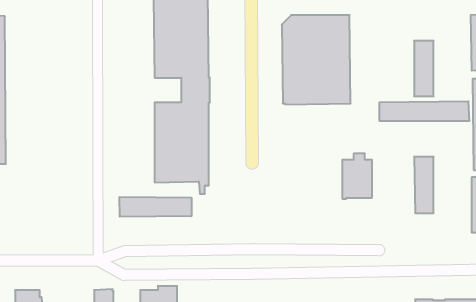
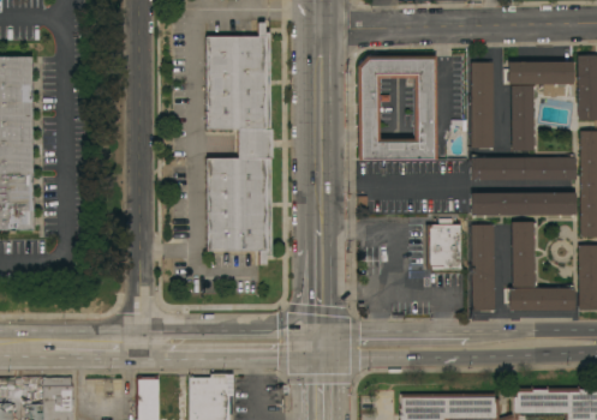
building: none -> [471,62,494,148]
building: none -> [503,62,573,98]
building: none -> [470,193,574,216]
building: none -> [471,226,494,311]
building: [120,197,191,217] -> none
building: none -> [508,288,574,311]

